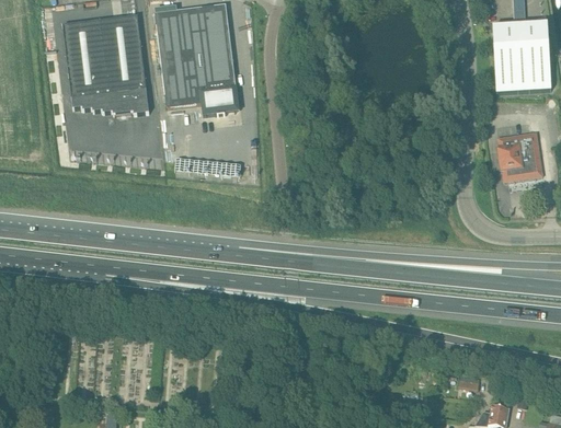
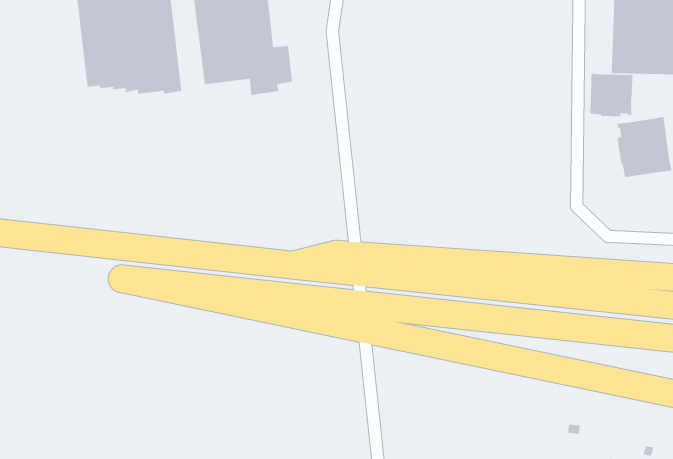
building: none -> [590,73,633,117]

